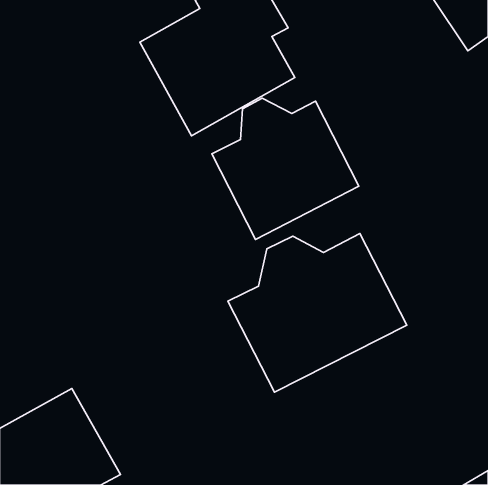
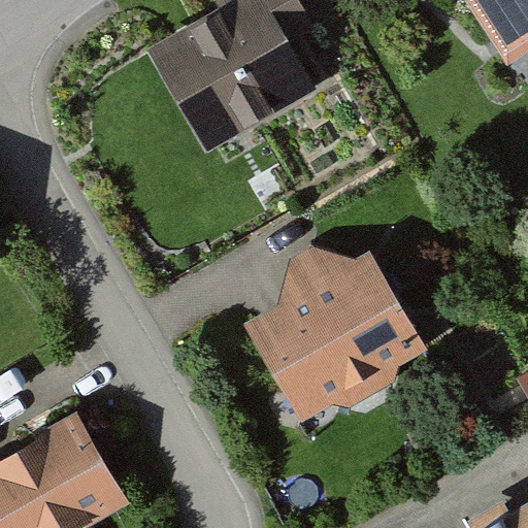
building: [212,98,359,239] -> none

